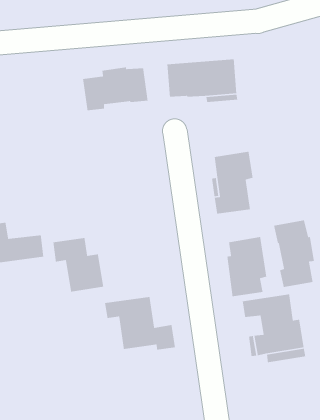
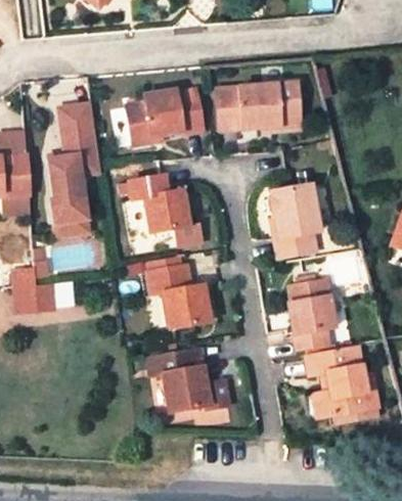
building: none -> [48,104,99,224]
building: none -> [130,178,188,232]
building: [273,219,315,288] -> none
building: [52,237,104,292] -> [149,266,208,328]

